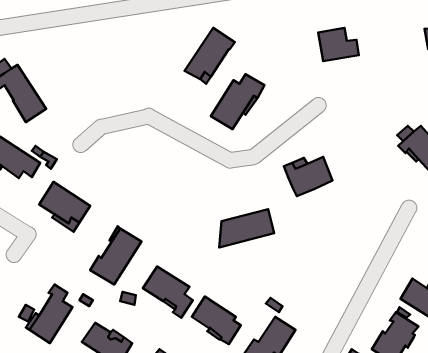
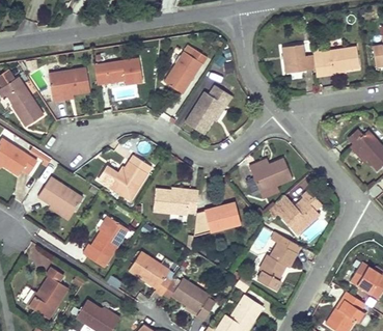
building: none -> [312,47,360,75]
building: none -> [94,58,143,85]
building: none -> [49,67,90,102]
building: none -> [99,155,152,200]
building: none -> [263,188,324,233]
building: none -> [153,189,199,216]
building: none -> [257,230,301,291]

